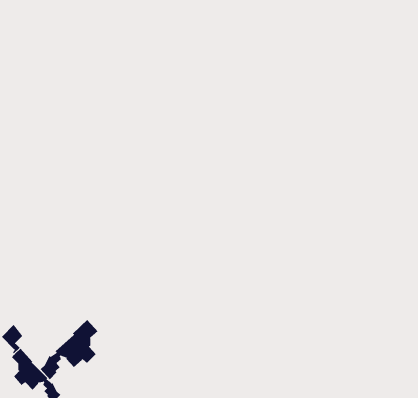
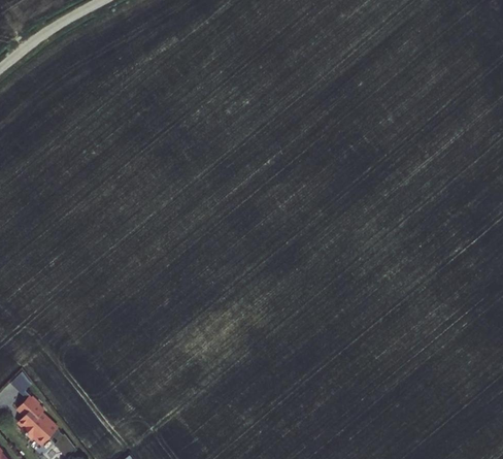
building: [40,319,98,380] -> none

